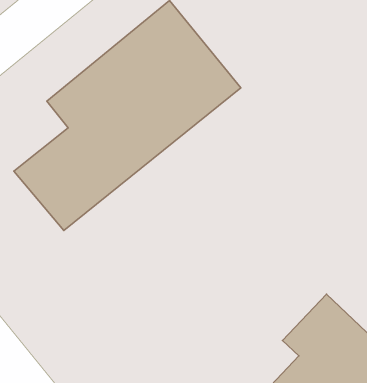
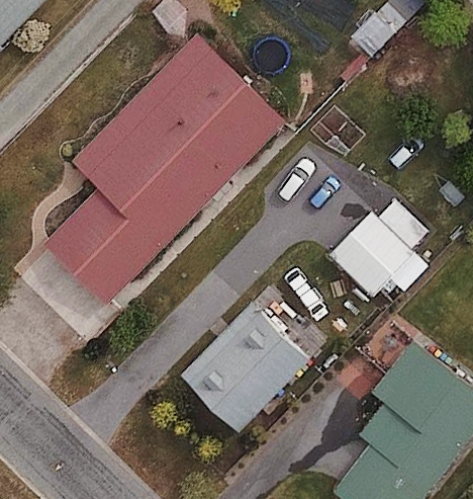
building: none -> [329,213,412,295]
building: none -> [181,304,309,433]

